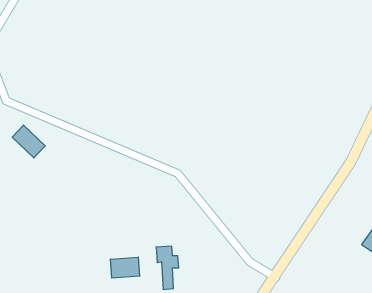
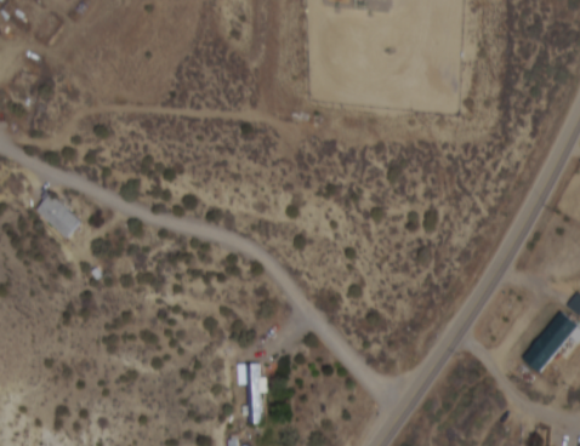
building: [111,257,139,278] -> none

